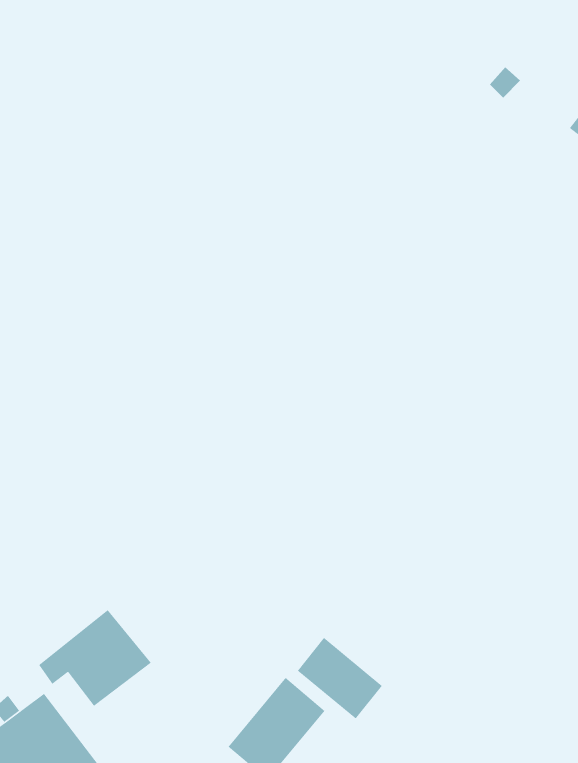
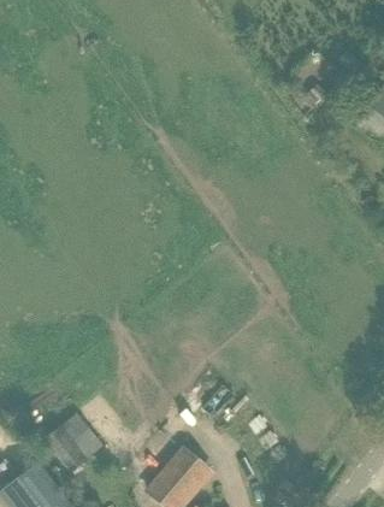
building: [297,637,383,720] -> none

